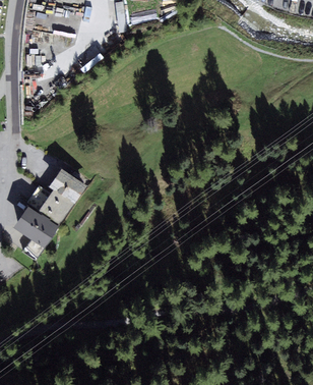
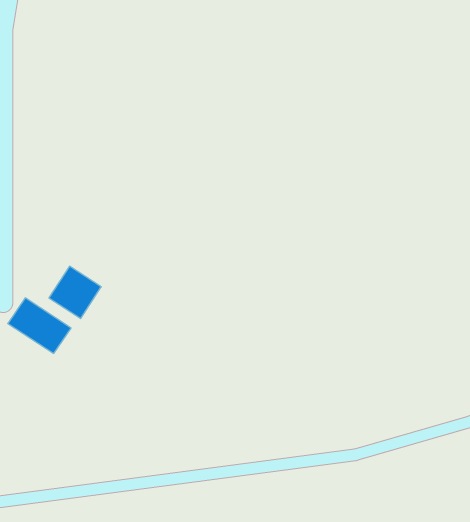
building: [48,169,83,202] -> none

